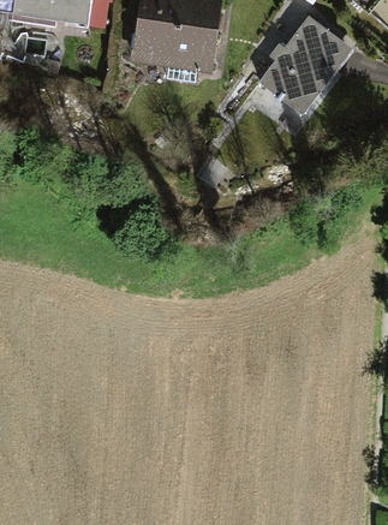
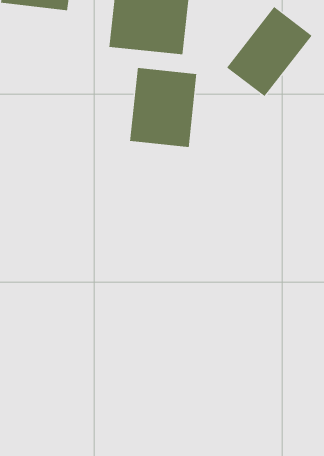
building: none -> [130,67,197,148]

